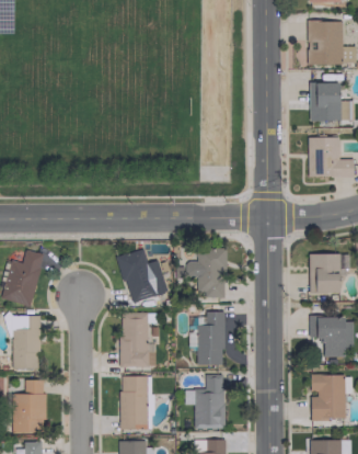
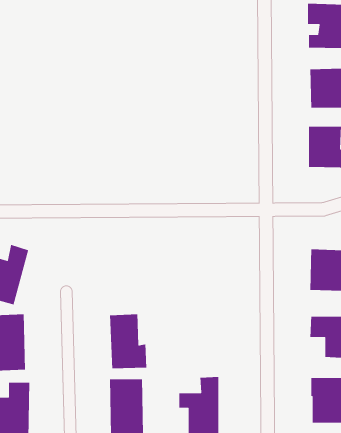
building: [178,250,227,297] -> none
building: [119,251,169,304] -> none
building: [197,311,226,365] -> none

